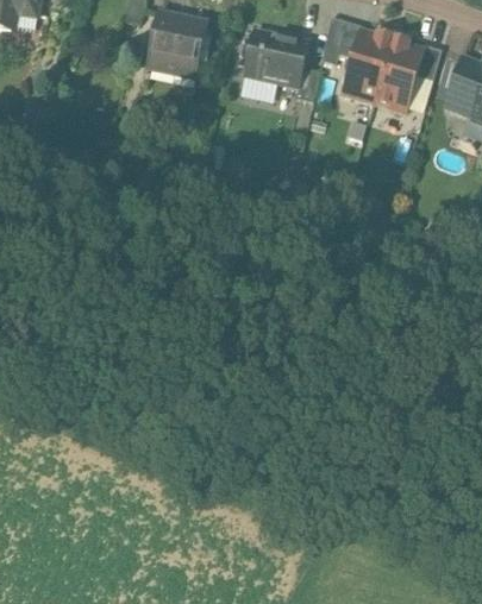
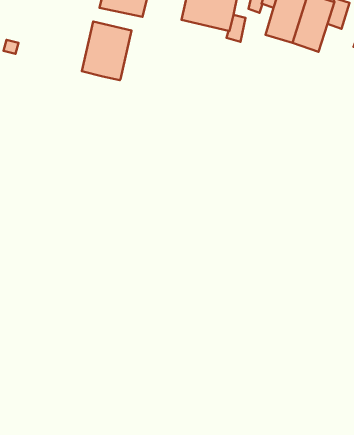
building: none -> [82,21,132,80]

